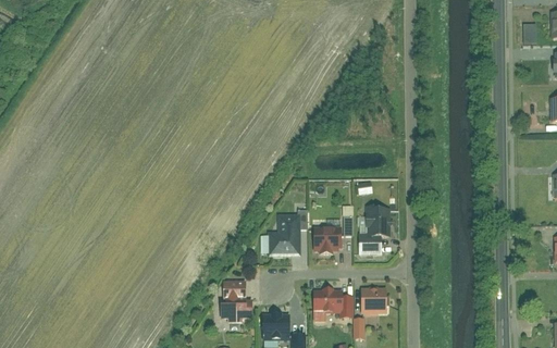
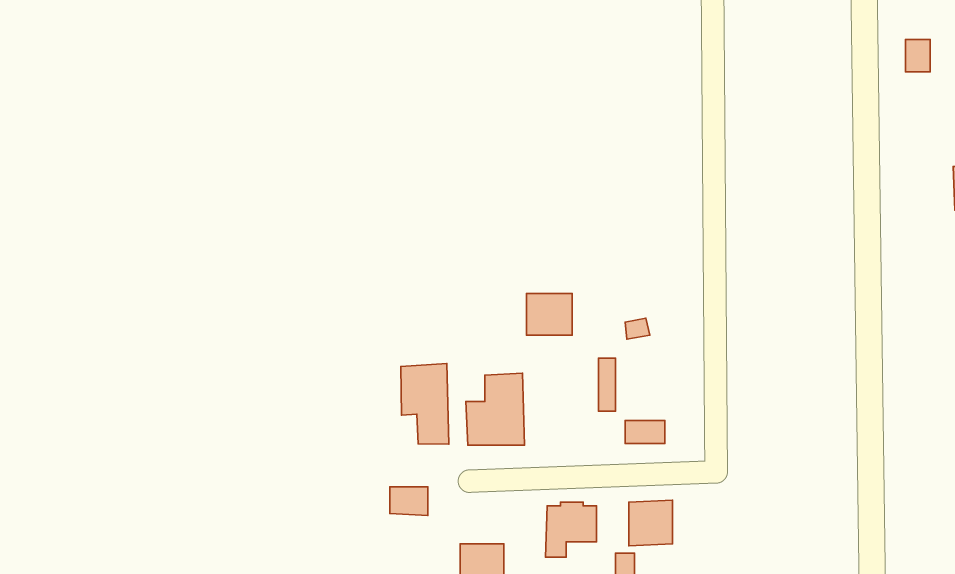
building: [368,209,391,236] -> none
building: none -> [401,364,449,444]
building: [313,227,339,251] -> [527,293,572,335]
building: [221,298,252,323] -> none

